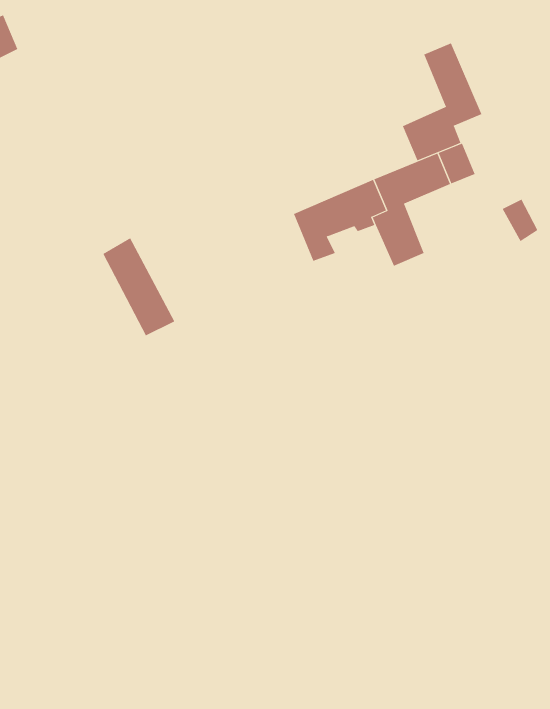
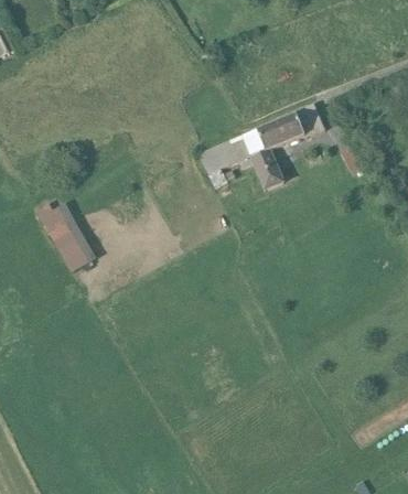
building: [402,43,482,161] -> none
building: [103,237,175,336] -> [43,202,92,268]

